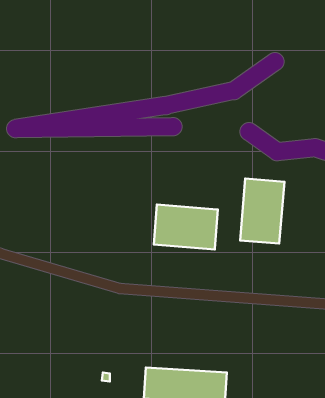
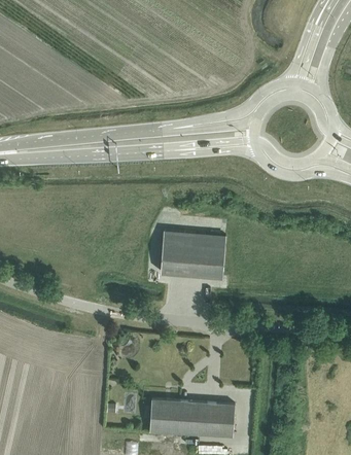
building: [240,179,284,244] -> none

